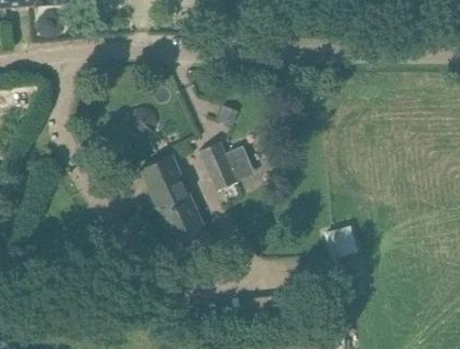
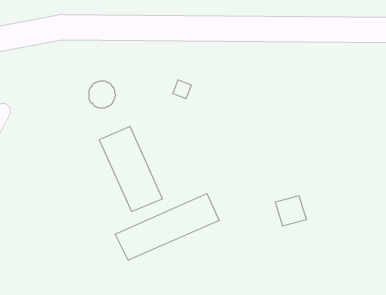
building: [199,141,251,190] -> none
building: none -> [115,194,219,260]

